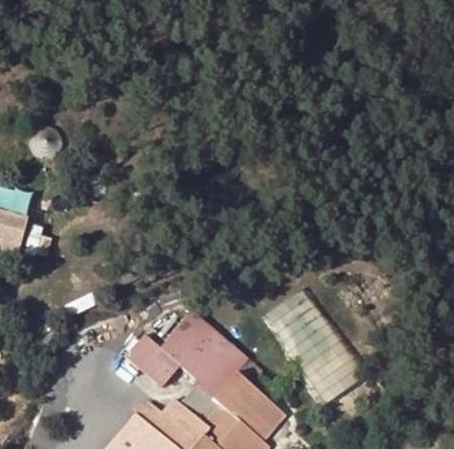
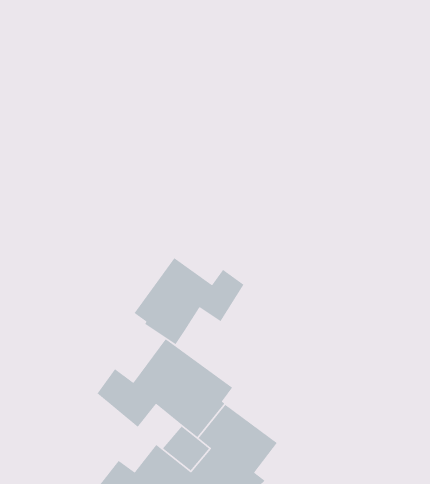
building: none -> [133,257,245,345]

